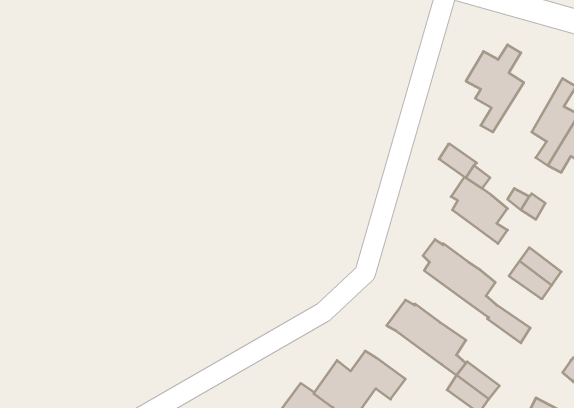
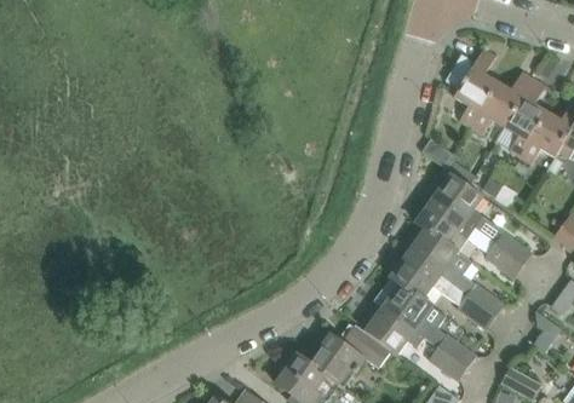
building: none -> [470,71,533,134]
building: none -> [415,197,475,251]
building: none -> [390,252,495,329]
building: none -> [365,306,424,355]

